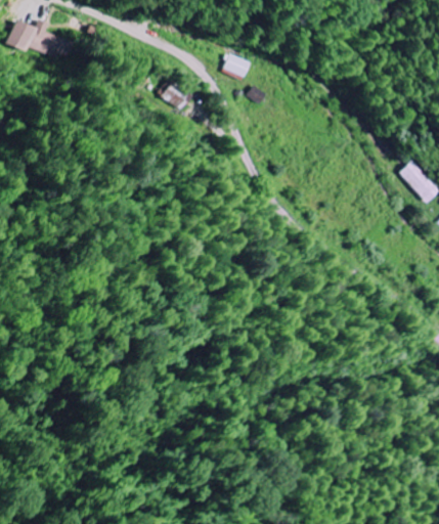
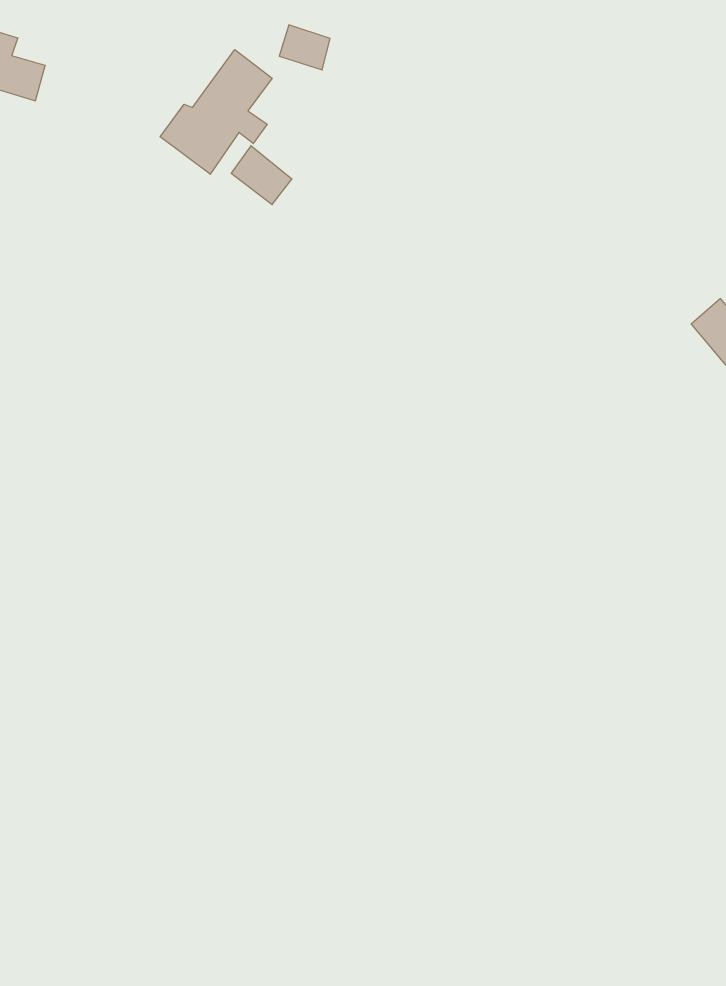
building: none -> [160,50,272,174]
building: [222,54,249,78] -> [279,25,330,70]

